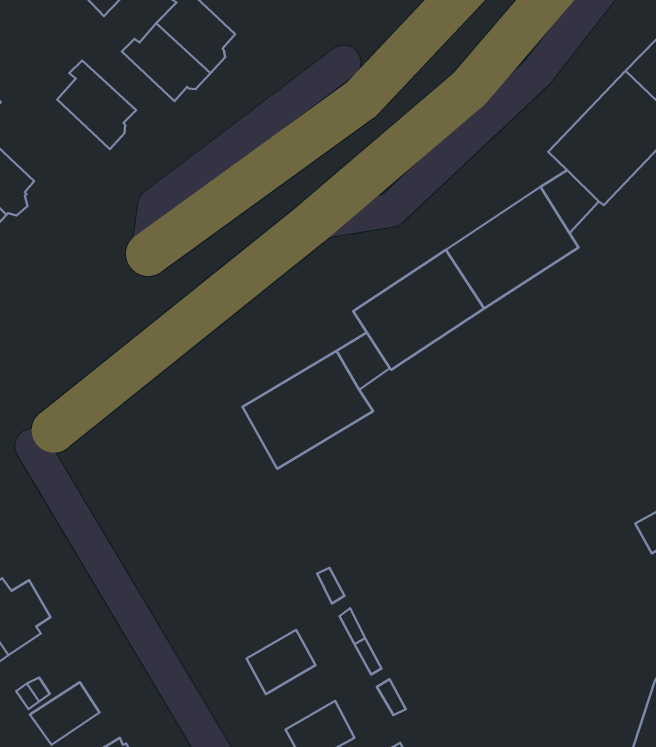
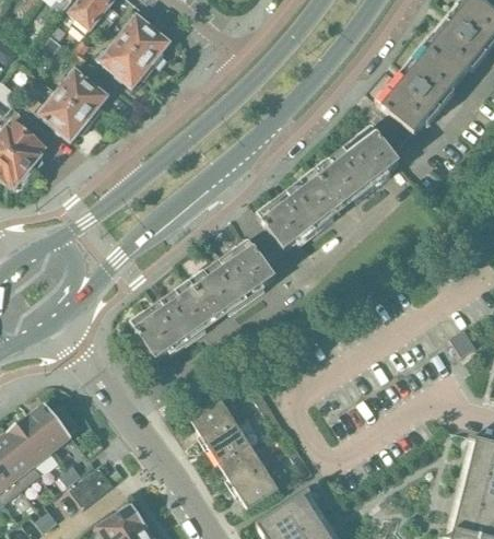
building: none -> [34,93,93,142]
building: none -> [130,282,215,362]
building: none -> [190,401,235,444]
building: none -> [219,445,263,488]

